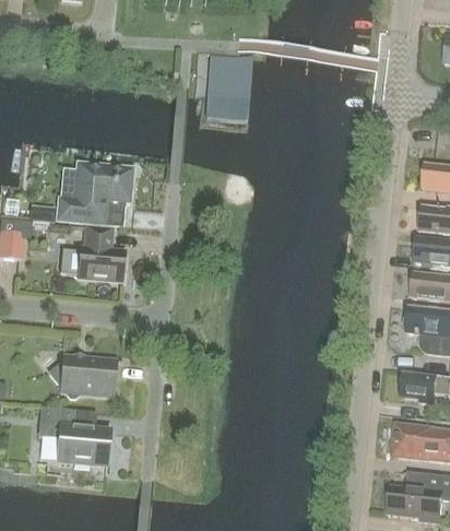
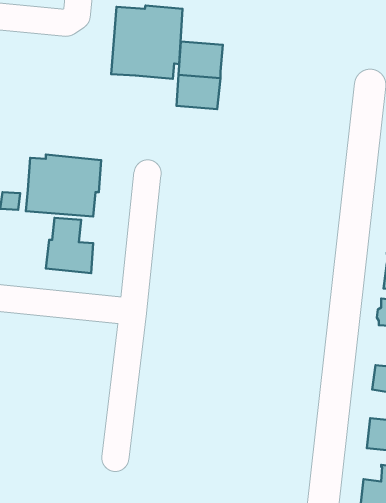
building: none -> [111,6,183,79]
building: [49,355,116,397] -> none
building: [38,406,110,465] -> none

